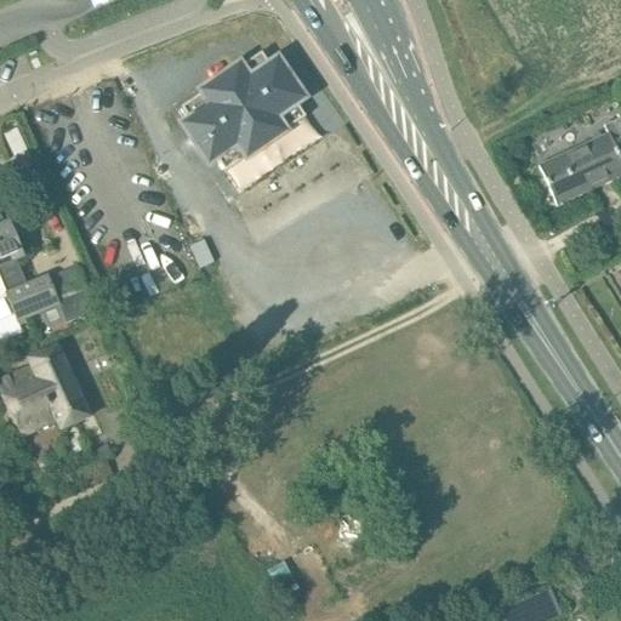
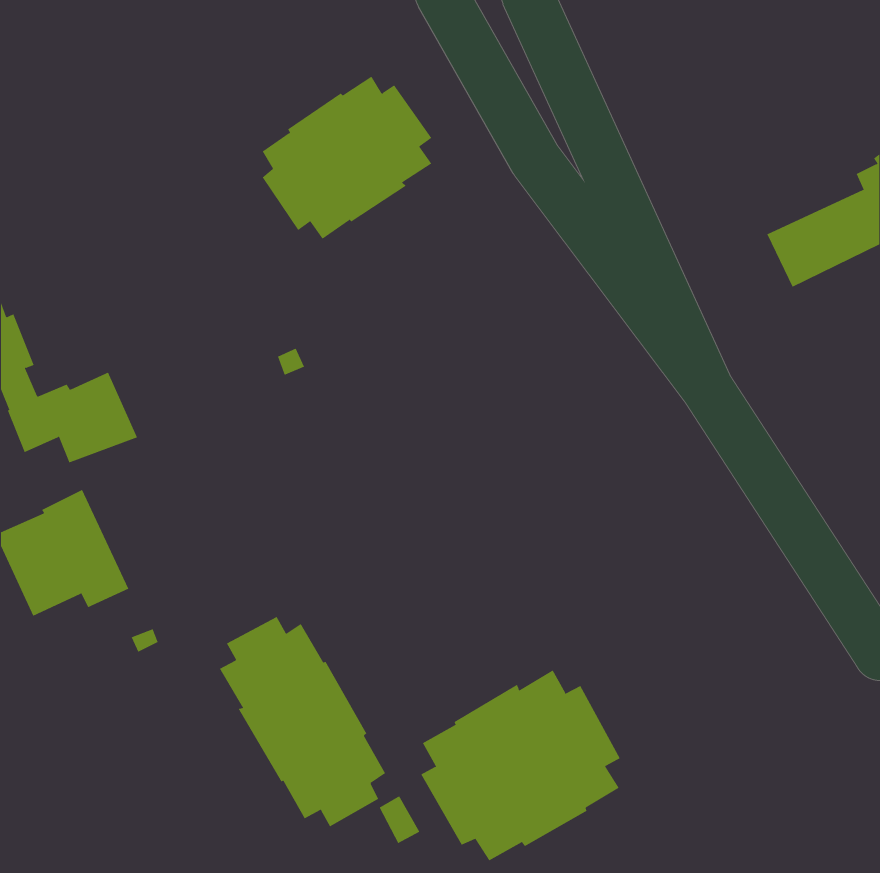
building: none -> [219,616,386,827]
building: none -> [421,669,621,861]

